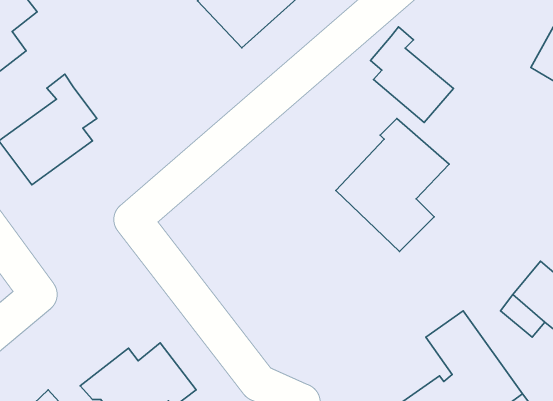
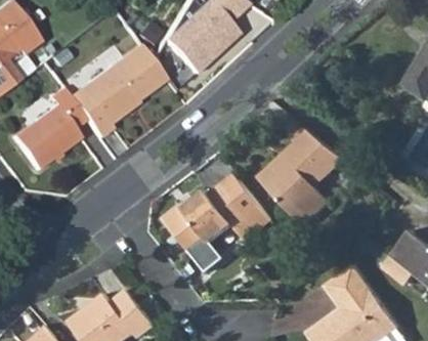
building: none -> [71,45,170,140]
building: [370,27,453,122] -> none
building: none -> [162,172,270,270]

